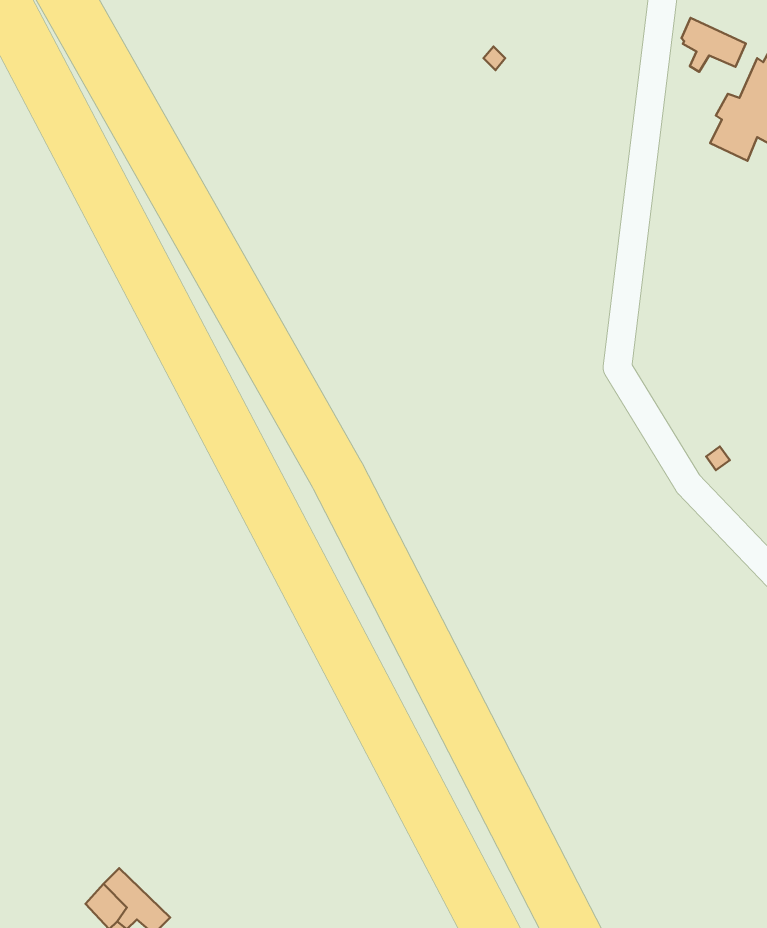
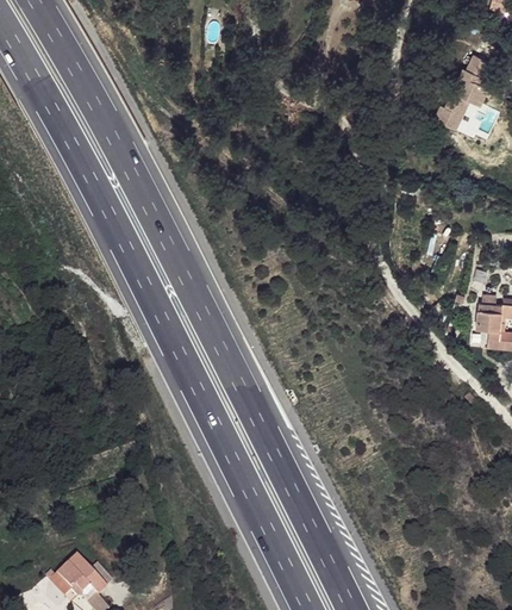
building: [681,18,746,72] -> none

